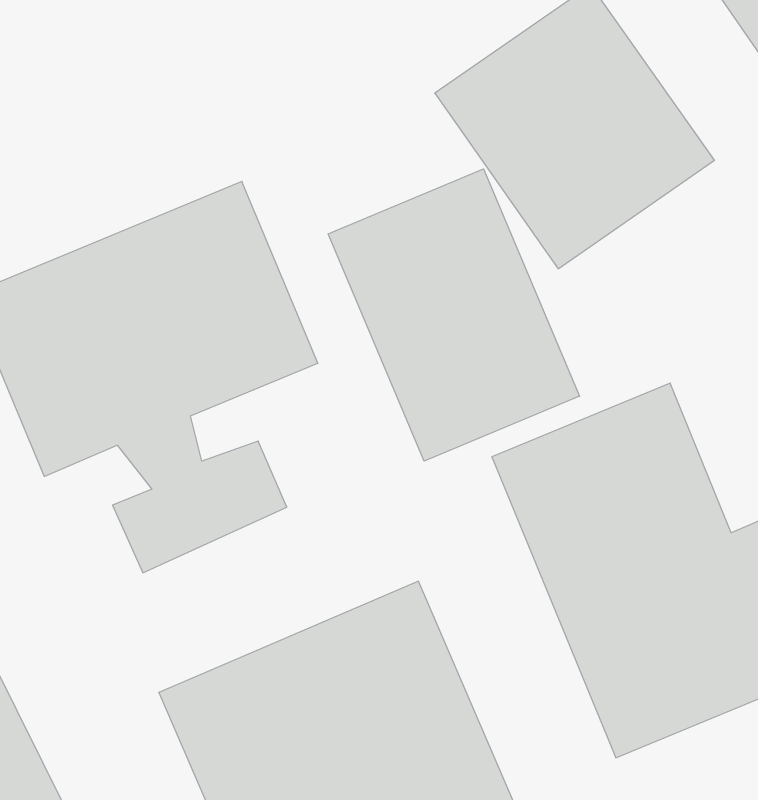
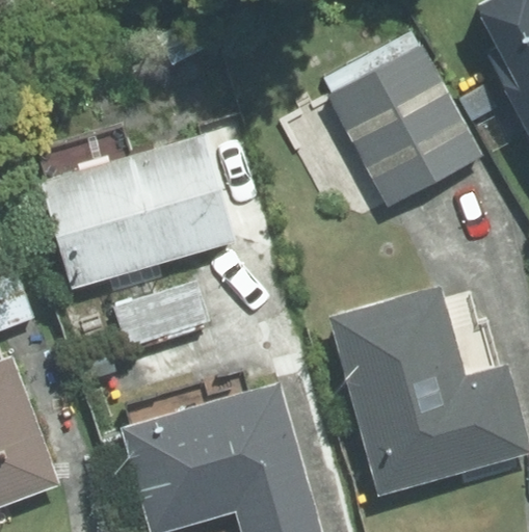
building: [328,169,580,461] -> none

